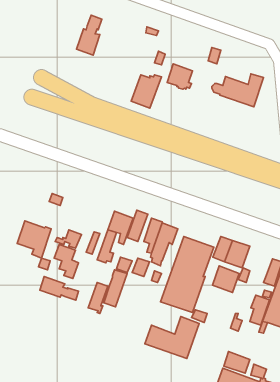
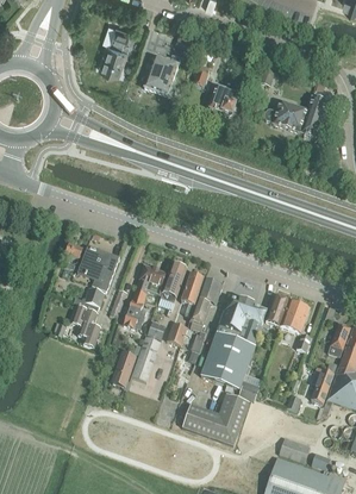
building: [131,75,161,108] -> [144,55,181,95]
building: [17,221,51,258] -> [77,245,119,290]
building: [212,266,239,293] -> none
building: [40,276,79,300] -> none

